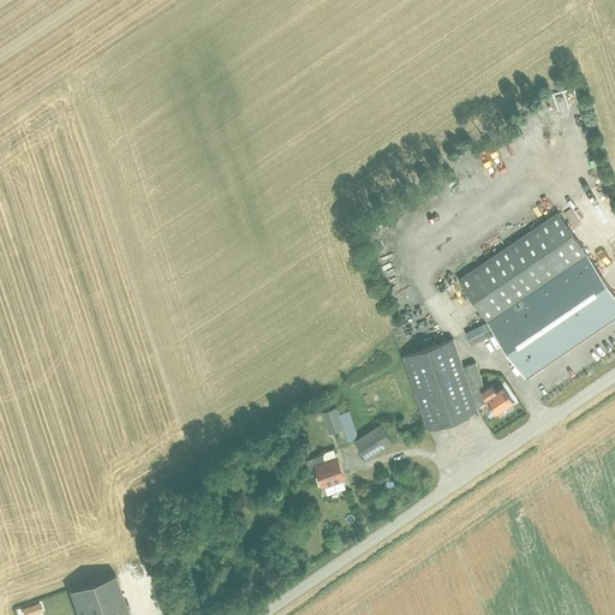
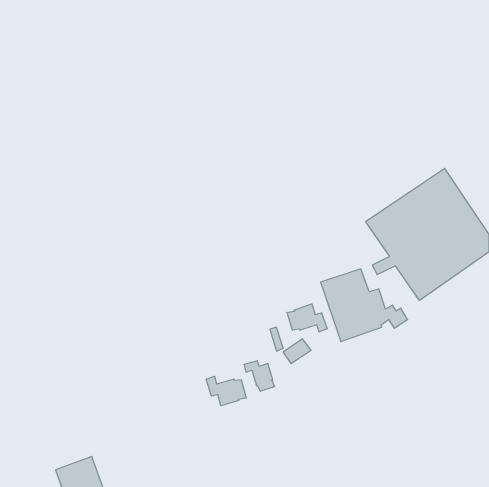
building: none -> [287,304,327,332]
building: none -> [206,376,246,406]

